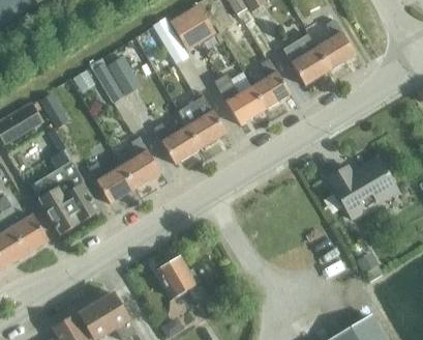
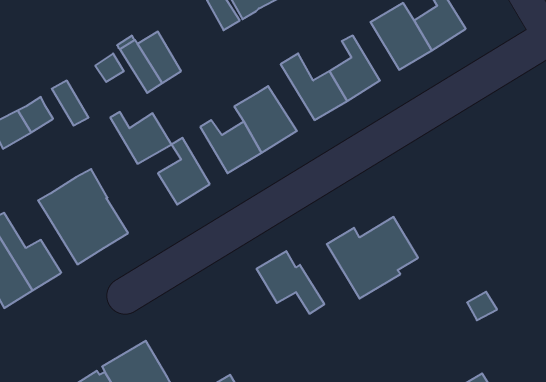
building: [327,157,396,219] -> [327,217,418,299]
building: [89,163,135,202] -> [110,112,172,164]
building: [157,258,209,306] -> [256,251,324,314]

